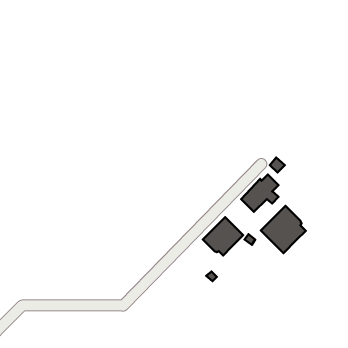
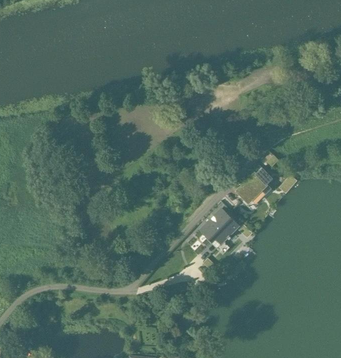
building: [261,206,306,253] -> none

